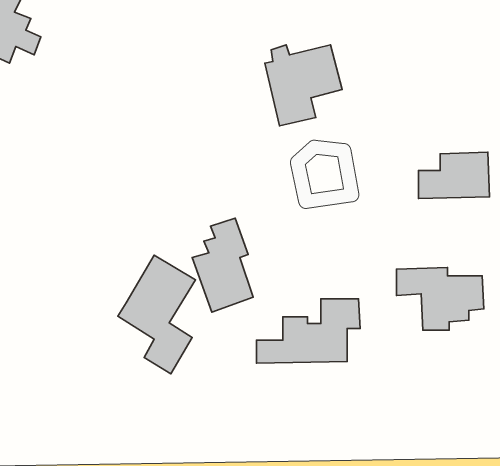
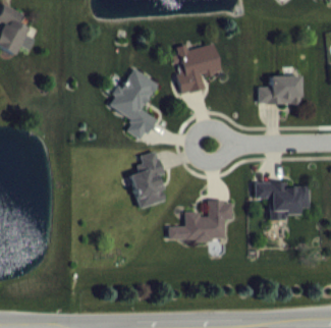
building: [419,152,489,198] -> [258,75,301,104]
building: [118,255,195,374] -> [110,67,158,141]

